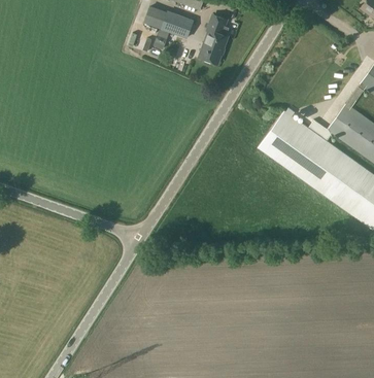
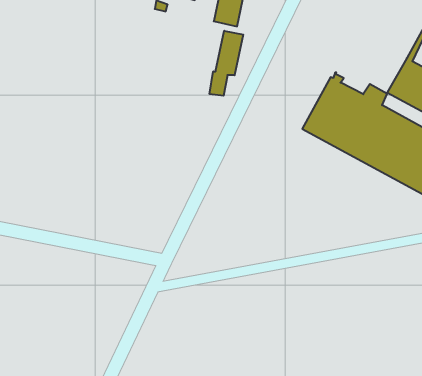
building: none -> [210,31,243,96]

